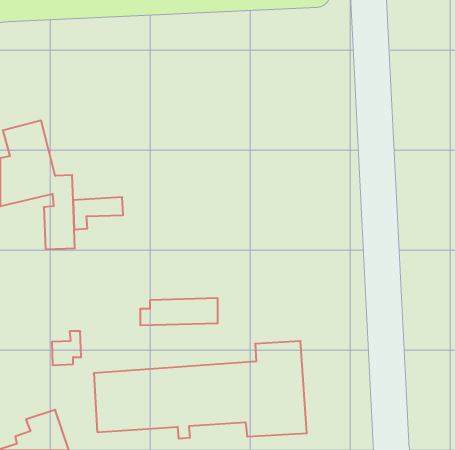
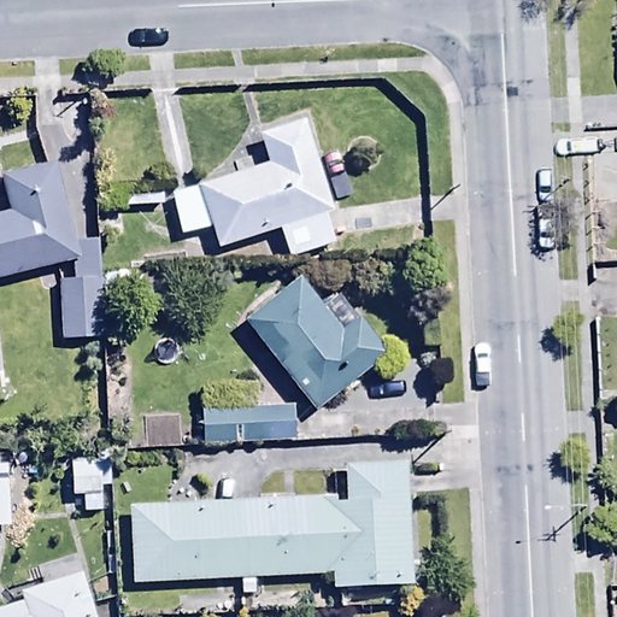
building: none -> [168,117,339,255]
building: none -> [243,271,387,406]

